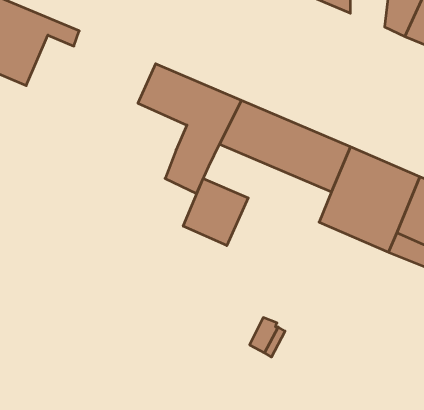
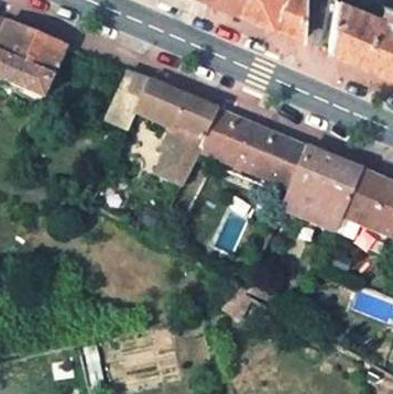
building: none -> [107,73,149,131]
building: [183,179,248,246] -> none

